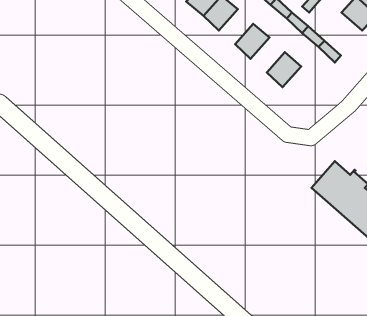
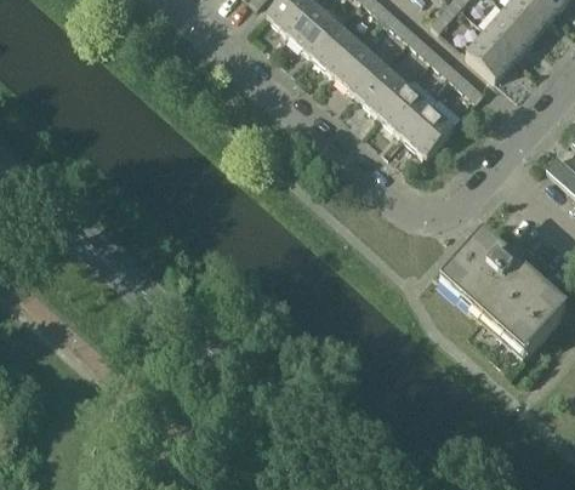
building: none -> [313,25,361,75]
building: none -> [466,30,516,80]
building: none -> [358,65,406,115]
building: none -> [403,107,452,156]

